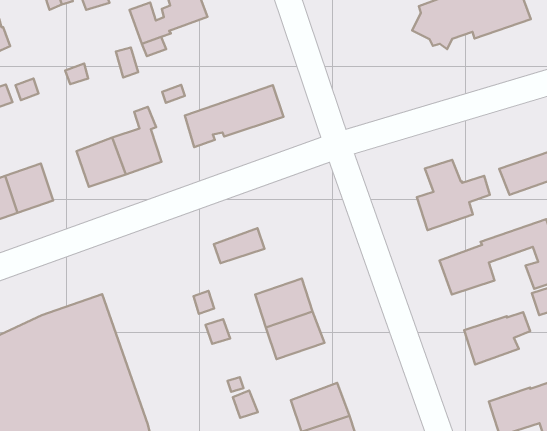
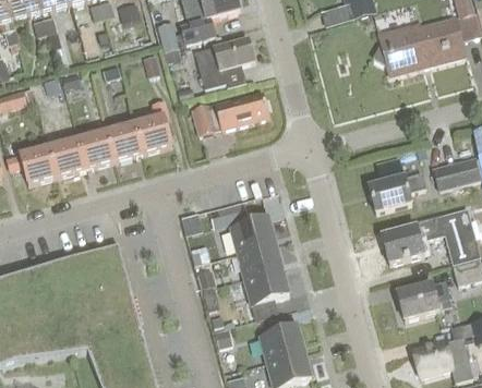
building: none -> [194,38,253,88]
building: none -> [77,132,113,169]
building: none -> [229,218,274,253]

